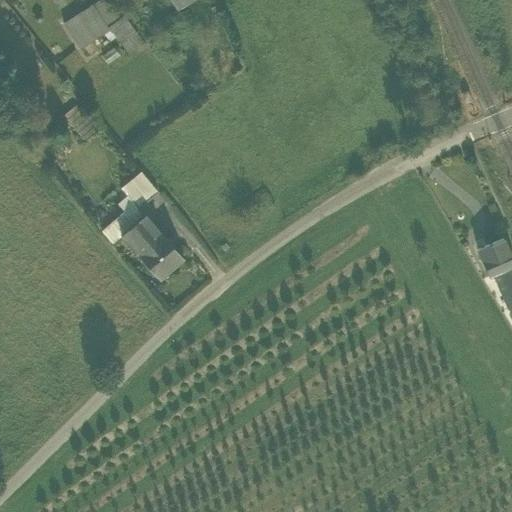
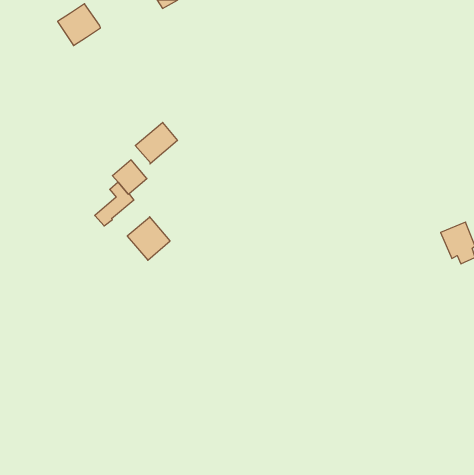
building: none -> [135,122,177,164]
building: [121,214,162,254] -> none

